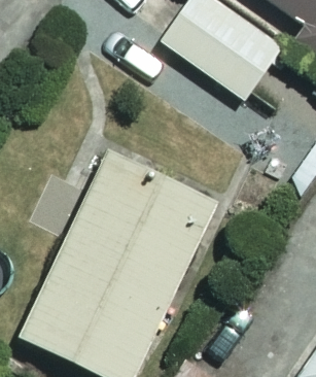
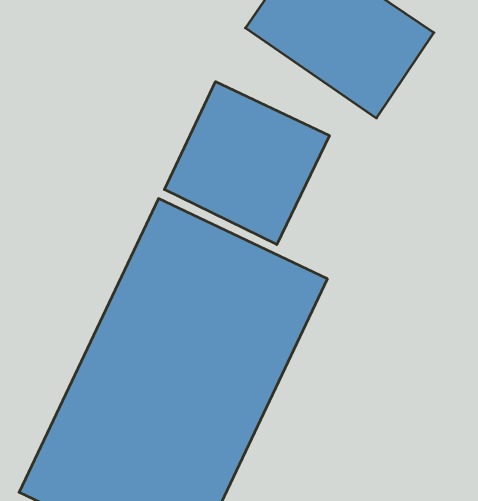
building: none -> [164,82,329,245]

